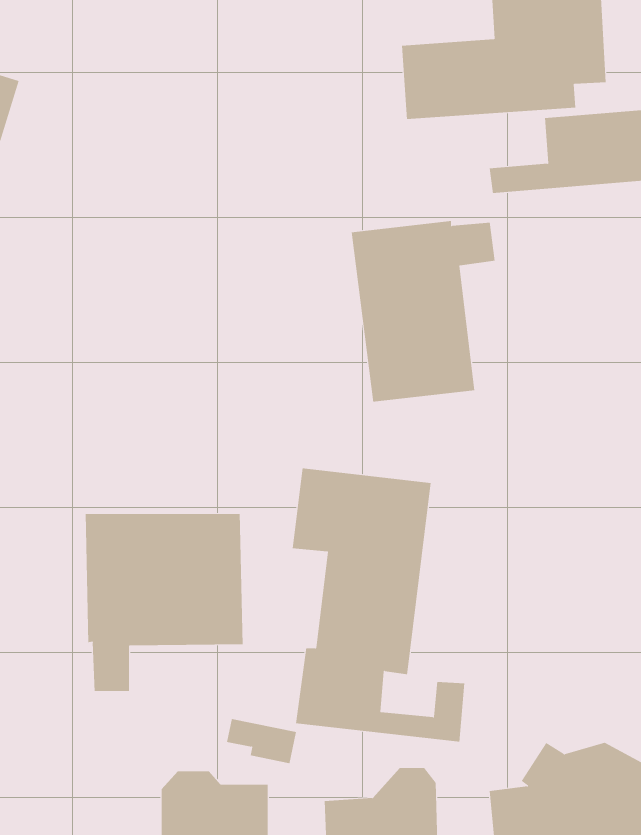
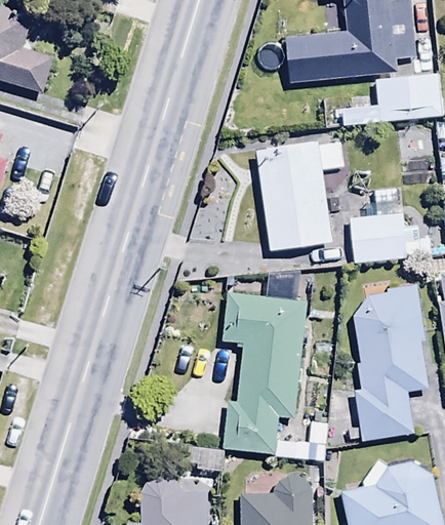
building: none -> [351,214,418,262]
building: none -> [354,286,427,443]
building: [85,513,243,692] -> none

